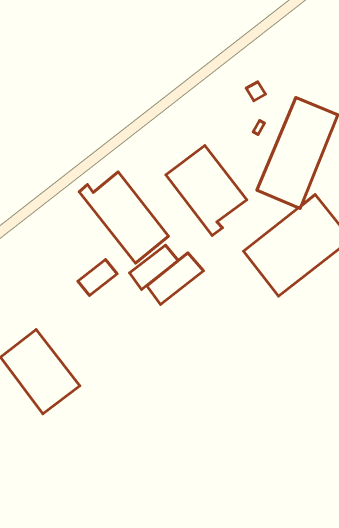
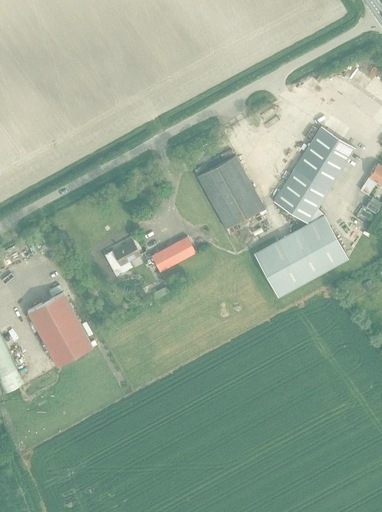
building: [79,172,169,263] -> none
building: [147,253,203,304] -> none

